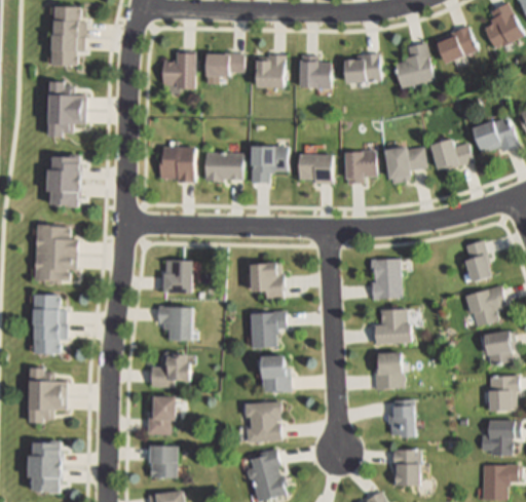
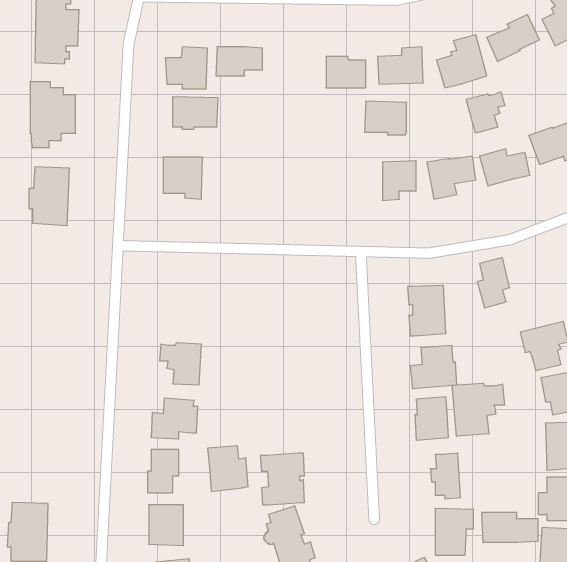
building: [254,54,287,88] -> none
building: none -> [466,92,505,133]
building: [251,146,288,184] -> none
building: [203,152,242,180] -> [173,97,218,129]
building: [297,154,333,183] -> [365,101,407,135]
building: [31,223,79,282] -> none
building: [463,240,491,283] -> [477,258,510,308]
building: [162,261,188,296] -> none
building: [246,264,285,303] -> none
building: [33,293,69,354] -> none
building: [249,311,287,349] -> none
building: none -> [452,383,504,436]
building: [257,356,292,395] -> [208,446,248,491]
building: [28,365,70,424] -> none
building: none -> [482,512,538,543]

